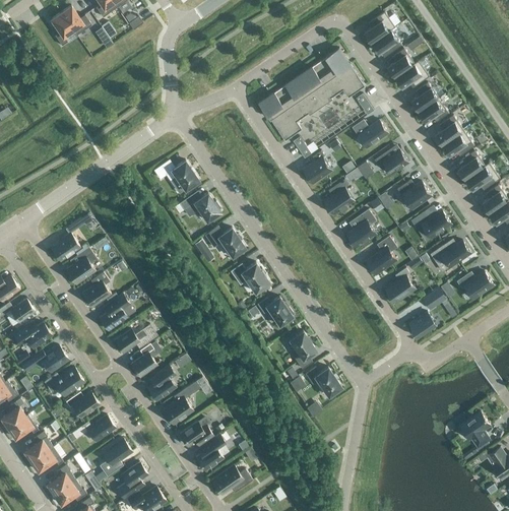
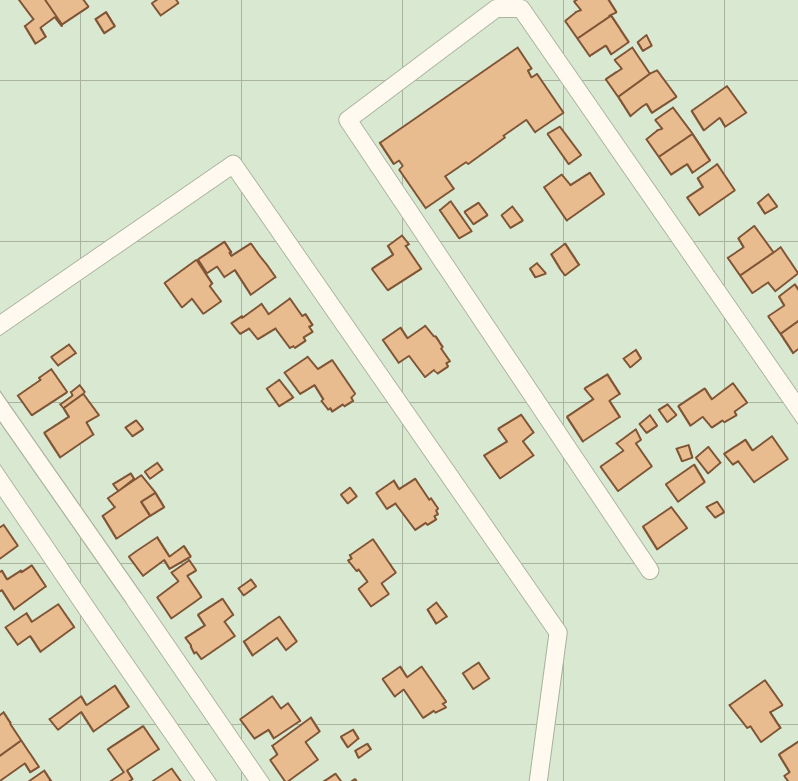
building: [441,130,472,155] -> [692,86,746,130]
building: [373,149,406,173] -> none
building: [302,150,330,182] -> [372,235,421,290]
building: none -> [165,260,221,314]
building: [323,179,353,214] -> none
building: [395,180,429,208] -> none
building: [345,209,374,246] -> [484,415,534,478]
building: [410,210,450,238] -> none
building: [229,262,267,292] -> [383,326,450,377]
building: [80,271,109,307] -> none
building: [287,330,314,369] -> [348,539,396,606]
building: [303,367,339,396] -> [383,667,446,718]
building: [63,391,98,417] -> none
building: [162,396,190,424] -> none

